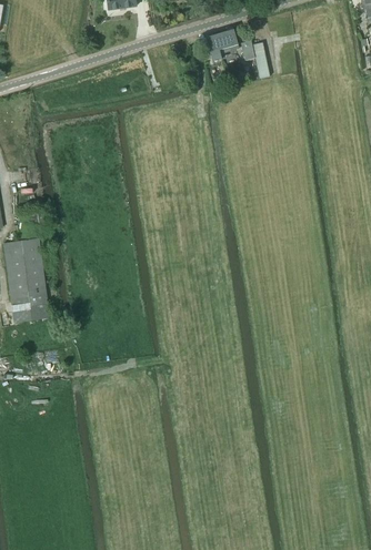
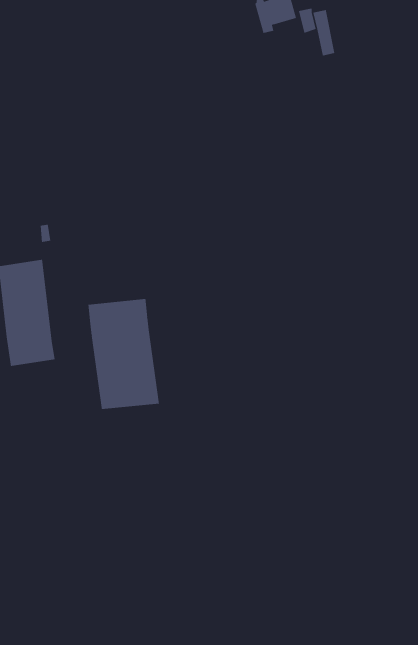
building: none -> [88,298,159,410]

